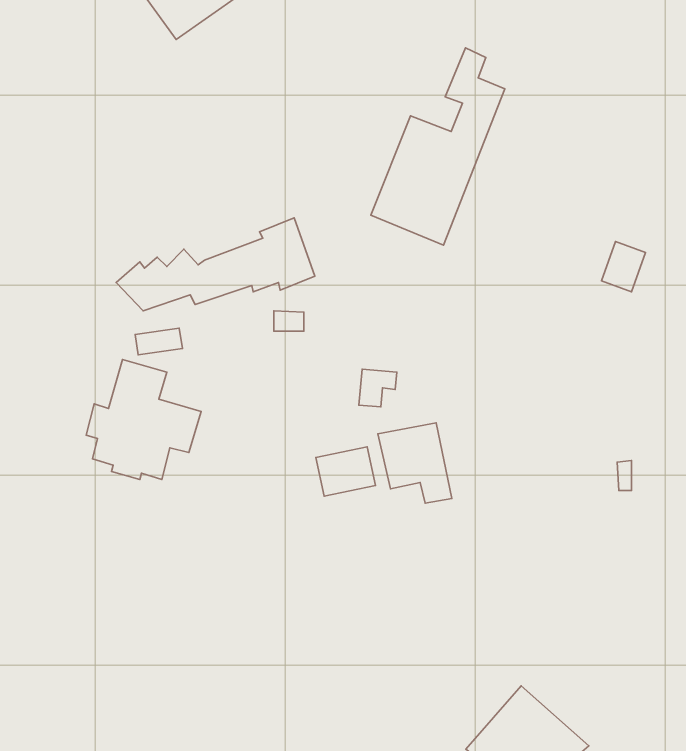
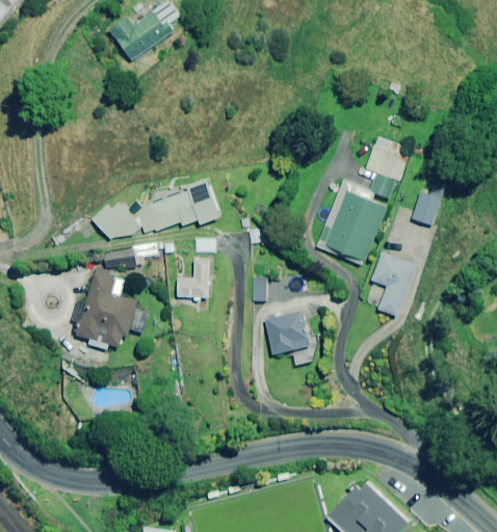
building: [371,48,505,245] -> [316,136,404,266]
building: none -> [371,252,417,316]
building: none -> [177,259,212,298]
building: [316,447,376,496] -> none

